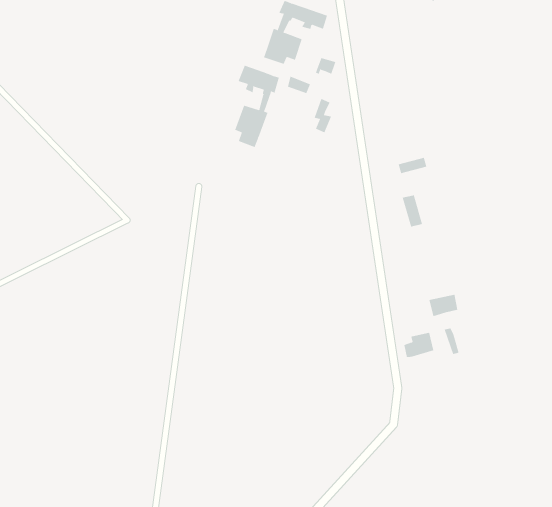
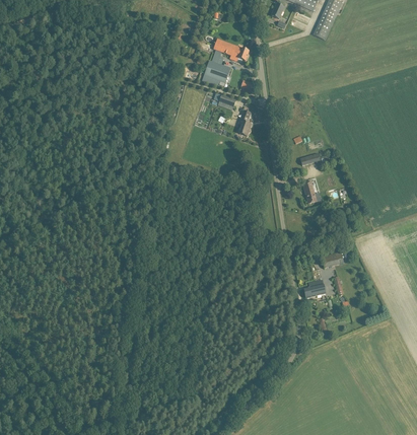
building: [234,65,280,148] -> none

